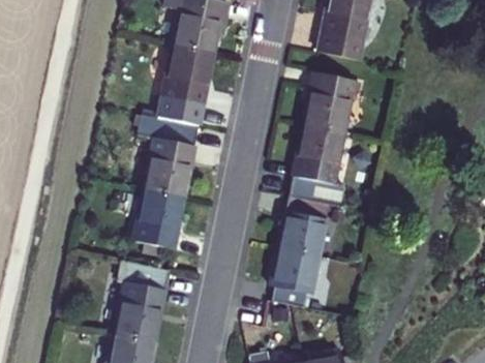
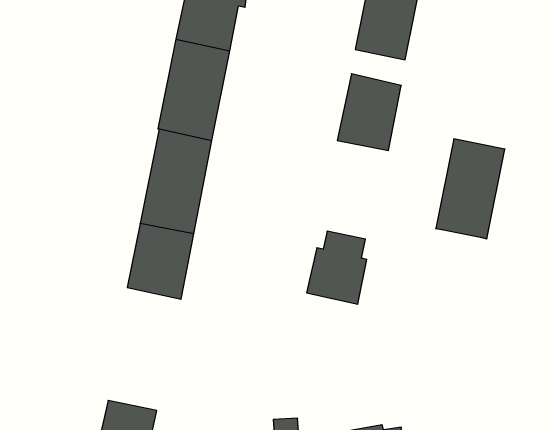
building: [289,125,344,206] -> [436,139,505,239]
building: [271,248,320,308] -> none
building: [118,262,173,343] -> none

